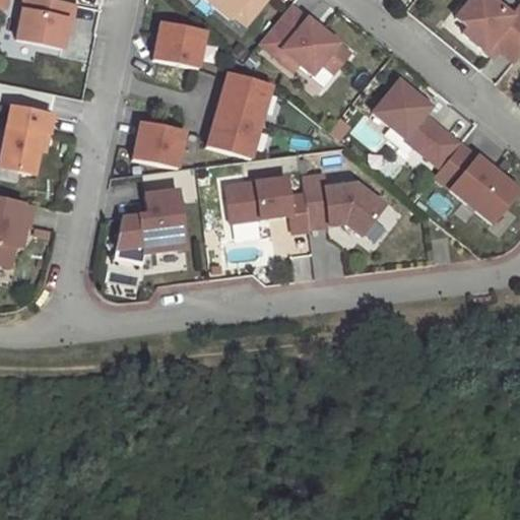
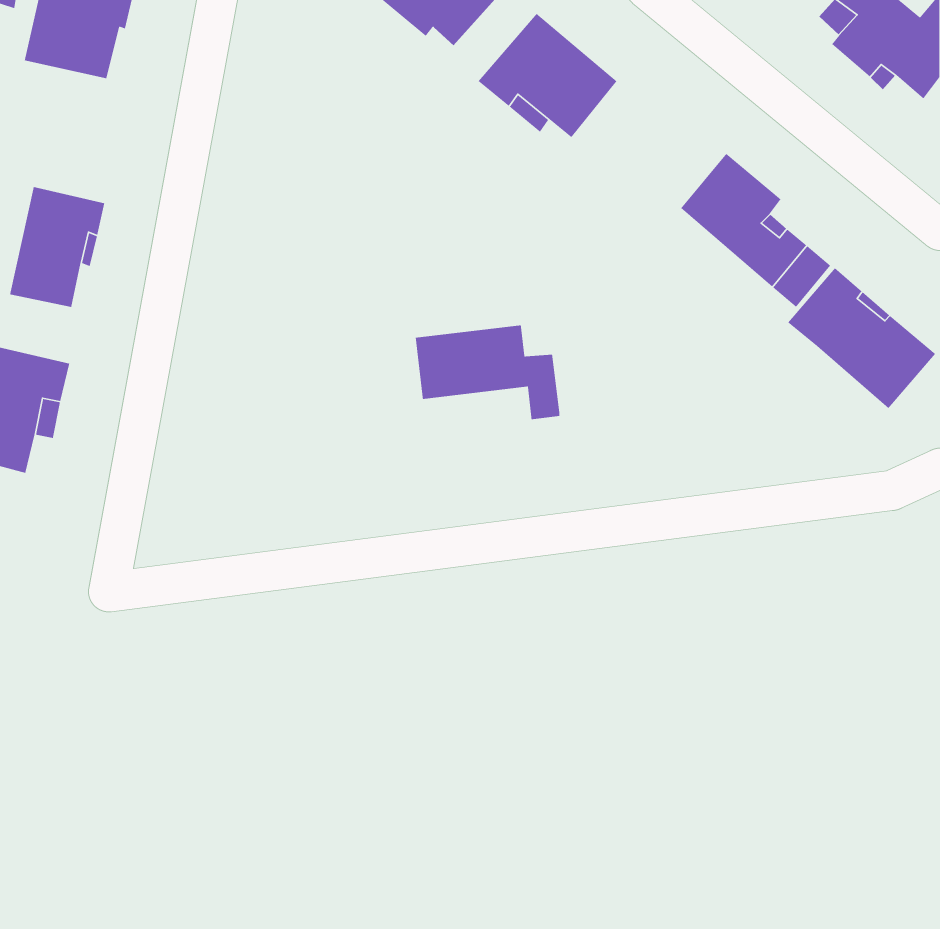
building: [153,16,206,62] -> none
building: [204,65,270,151] -> none
building: [136,120,189,167] -> none
building: [304,176,384,236] -> none
building: [117,189,187,261] -> none

